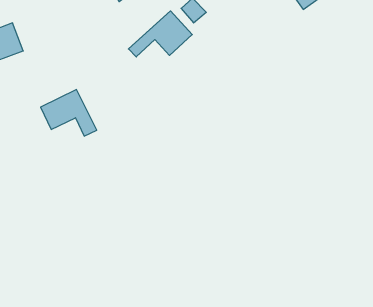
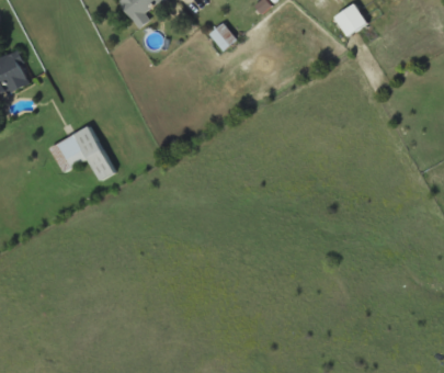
building: [128,11,192,57] -> none

